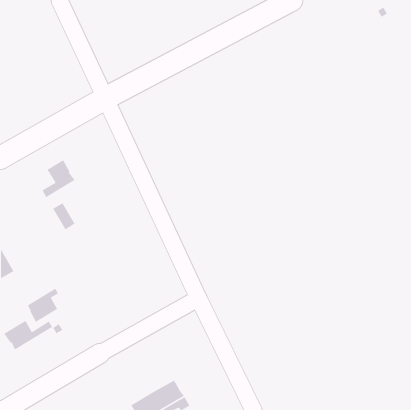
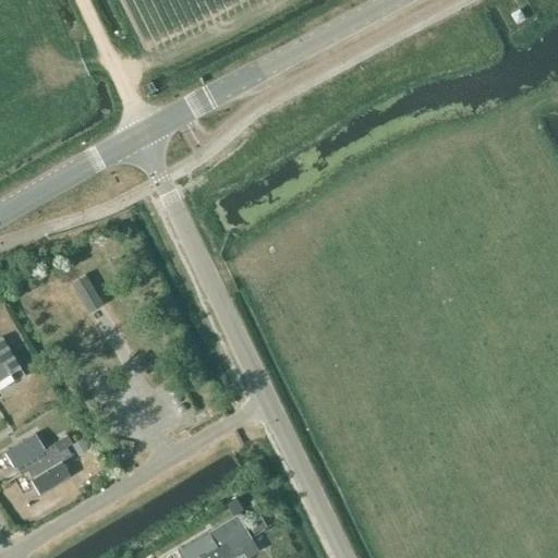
building: [41,159,75,198] -> none
building: [27,287,59,323] -> [27,448,71,496]

